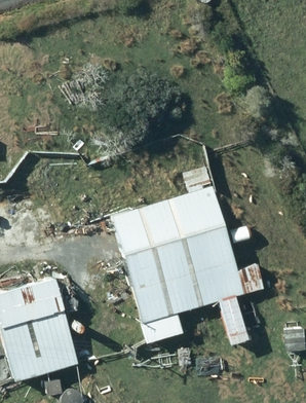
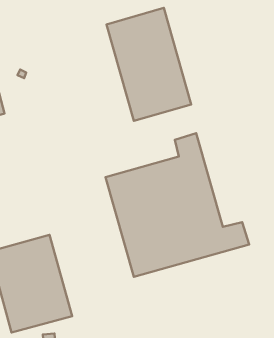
building: none -> [106,8,191,121]

